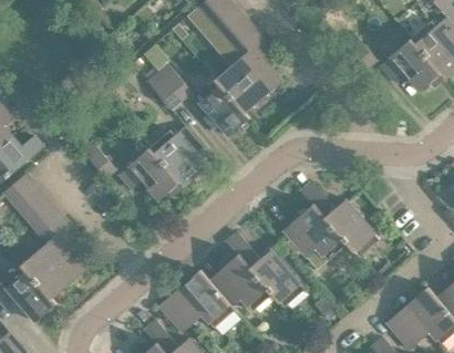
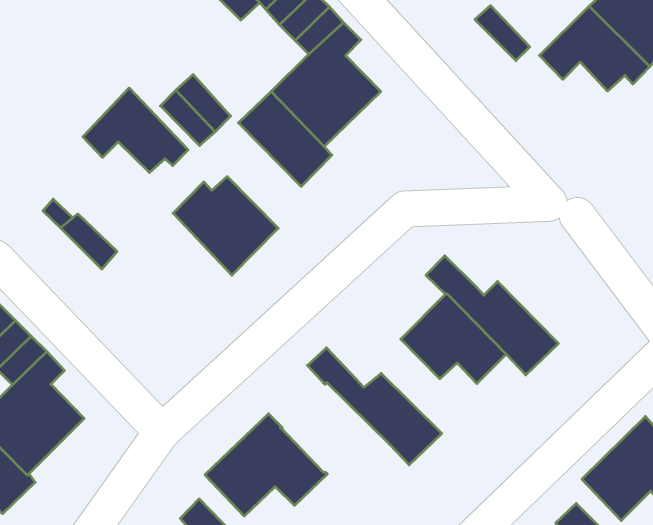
building: [121,145,184,197] -> [83,88,188,173]
building: [207,253,272,311] -> none

